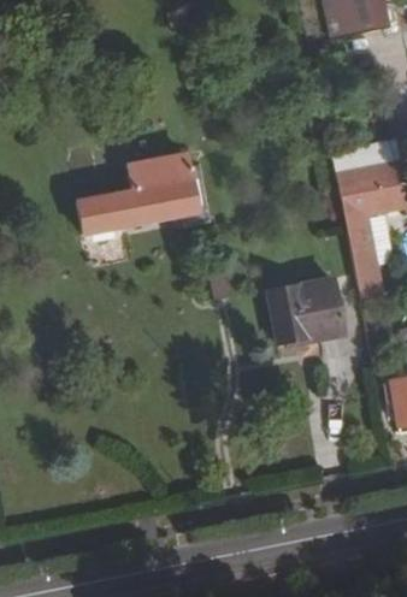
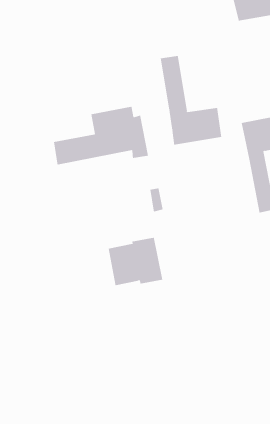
building: none -> [160,55,222,145]
building: [266,276,343,343] -> [108,237,163,286]

